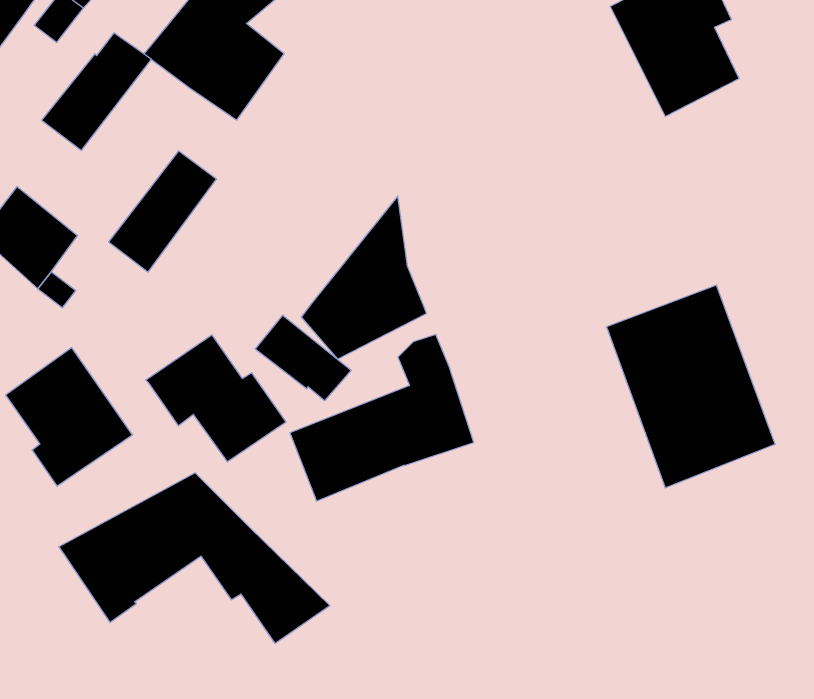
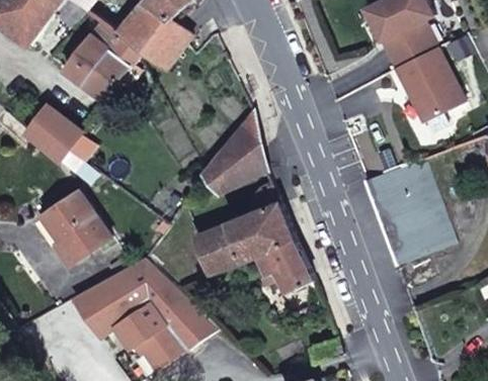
building: none -> [394,47,462,121]
building: [109,151,217,272] -> [82,37,140,102]
building: [255,315,351,401] -> none
building: [146,335,286,462] -> [110,302,185,370]
building: none -> [255,242,311,291]

